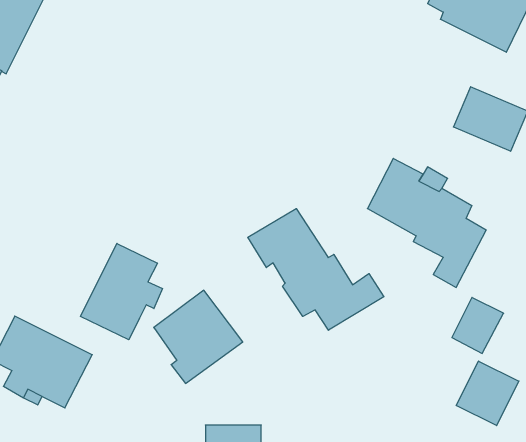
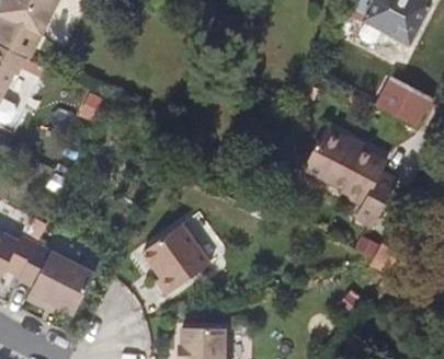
building: [248,209,384,330] -> none
building: [81,243,163,340] -> none
building: [456,361,519,426] -> none

